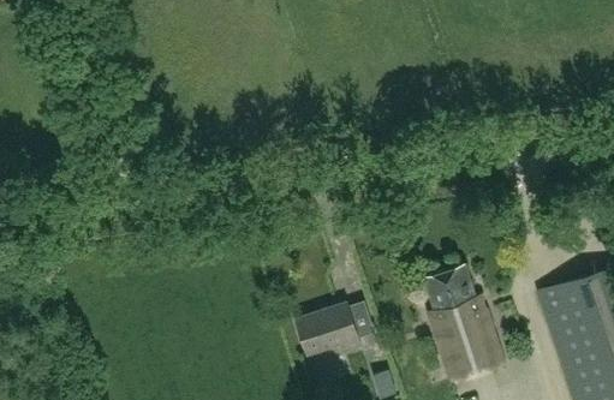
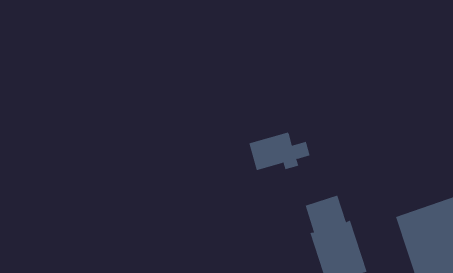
building: [296,303,374,352] -> [249,132,310,171]

